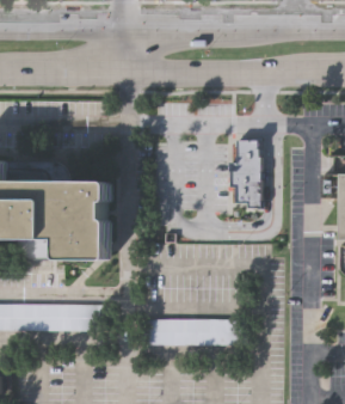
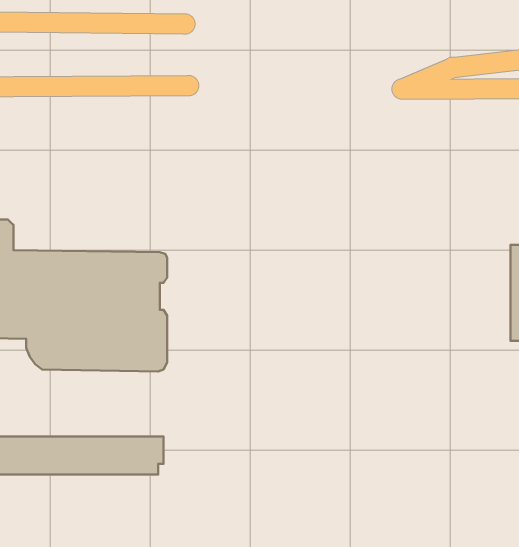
building: [230,139,260,206] -> none
building: [144,317,247,342] -> none

